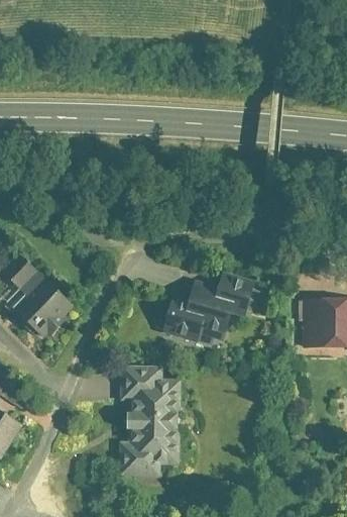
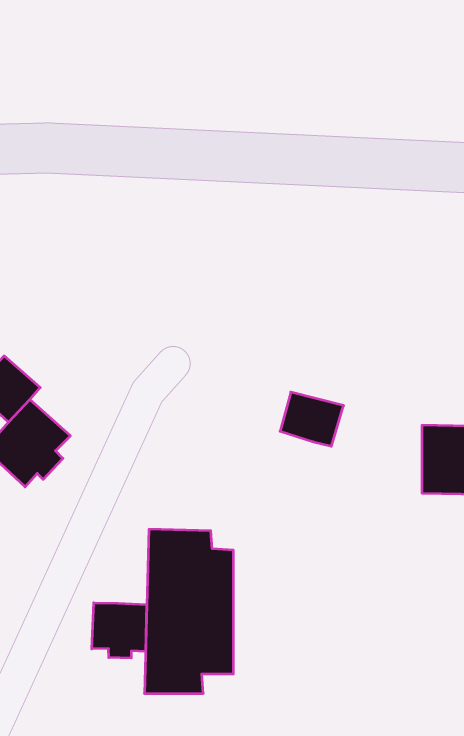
building: [164,295,232,339] -> none
building: none -> [92,603,147,658]

